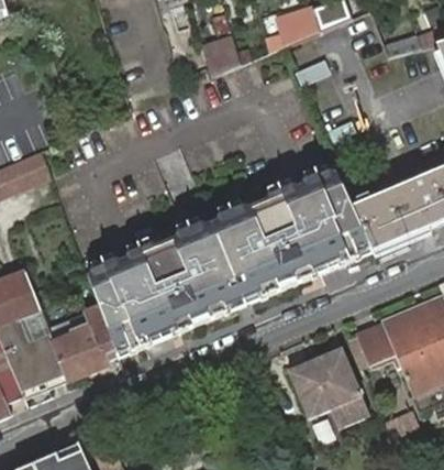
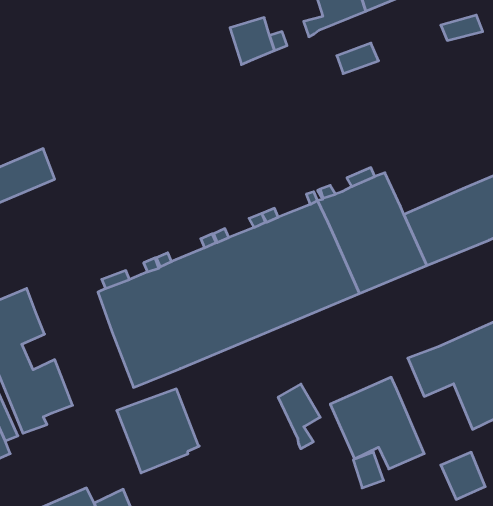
building: [47,308,119,381] -> [117,389,199,473]
building: none -> [278,384,320,449]

